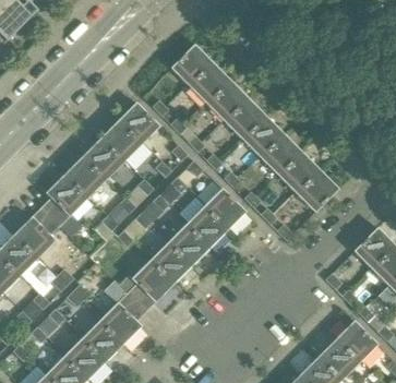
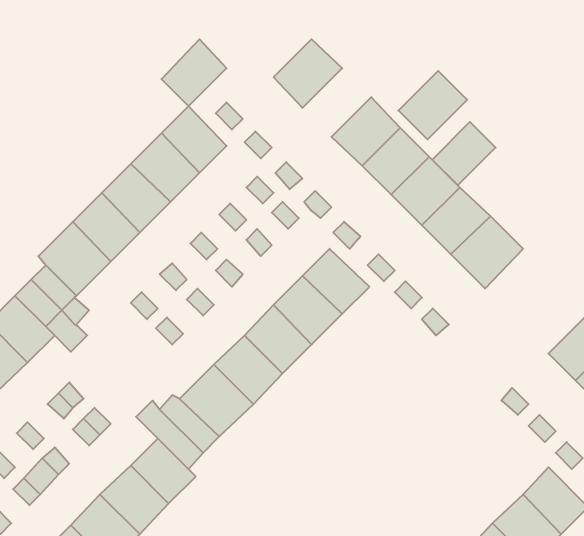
building: [171,44,211,84] -> [161,39,227,106]
building: [205,79,247,120] -> [398,71,467,139]
building: none -> [432,122,496,185]

